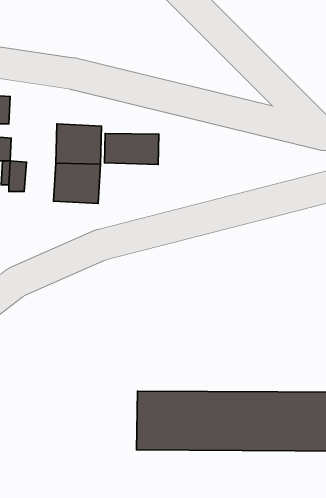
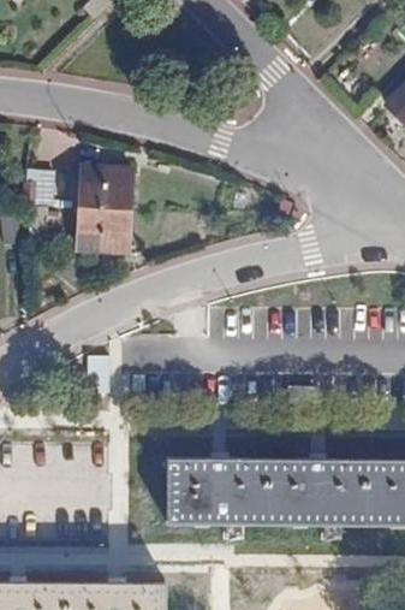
building: [104,133,159,165] -> none

